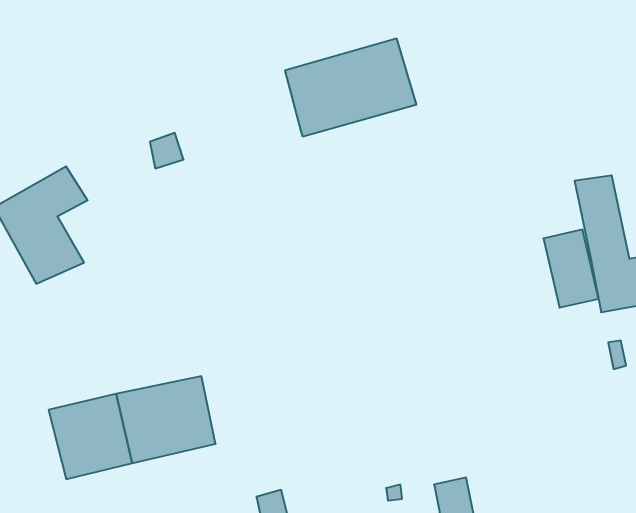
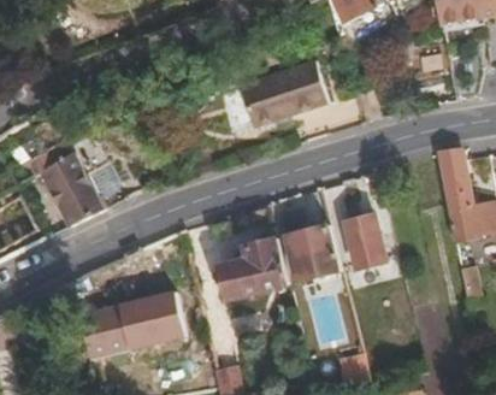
building: [543,230,599,308] -> [346,216,383,269]
building: none -> [288,224,341,279]
building: none -> [219,238,289,297]

